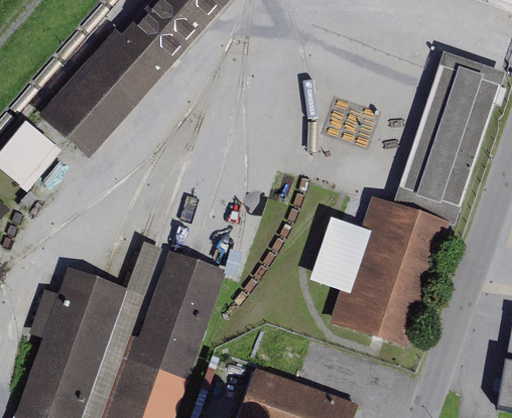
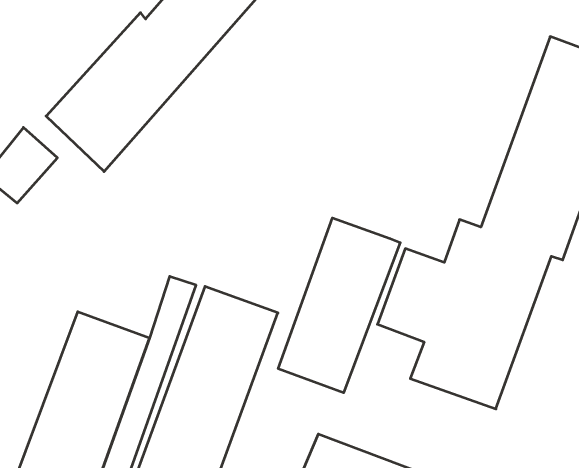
building: none -> [278,218,400,393]

